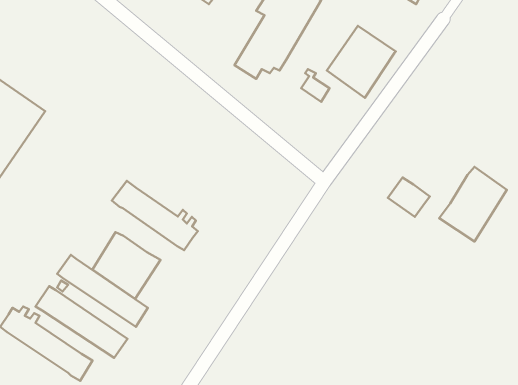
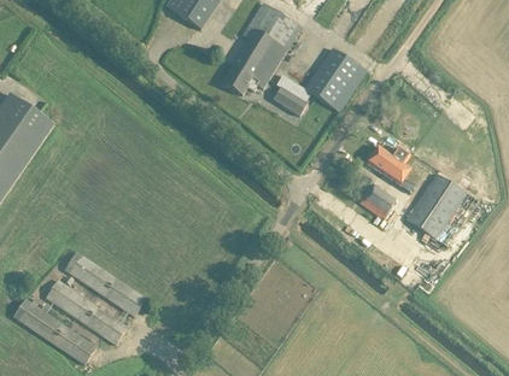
building: none -> [367,146,413,192]
building: [112,181,198,250] -> none
building: [92,232,161,299] -> none

